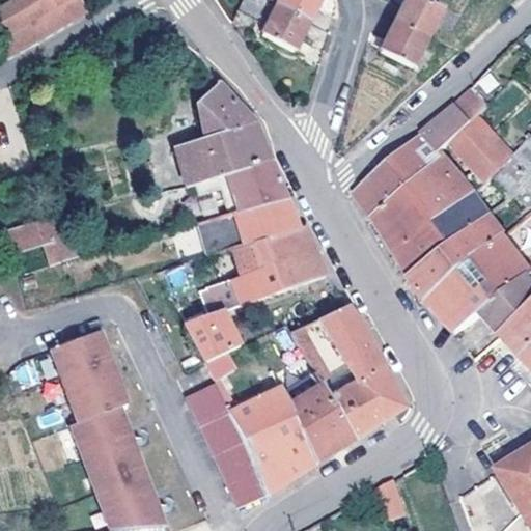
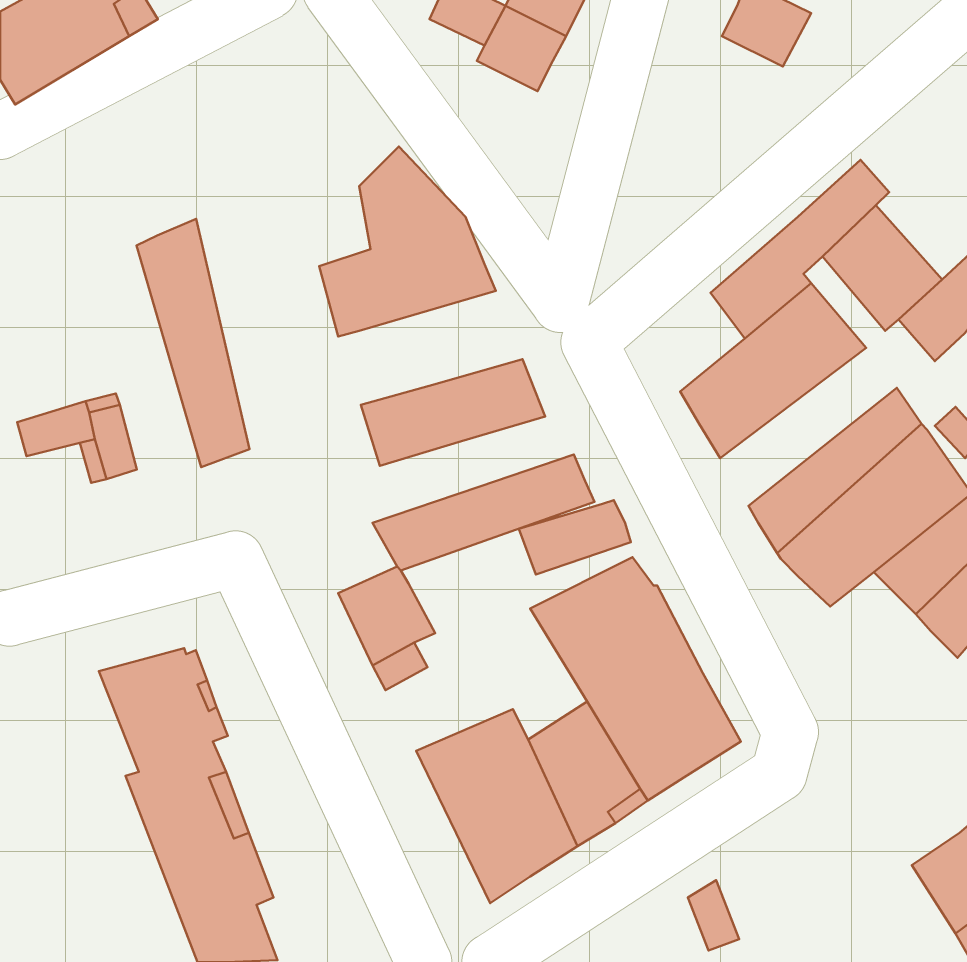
building: [382,20,429,65] -> none
building: none -> [137,219,249,467]
building: [198,159,287,209] -> none
building: [355,160,409,216] -> none
building: [395,190,492,276] -> none
building: [254,225,315,266] -> [519,500,631,574]
building: [49,329,105,366] -> none
building: [187,382,270,506] -> none

